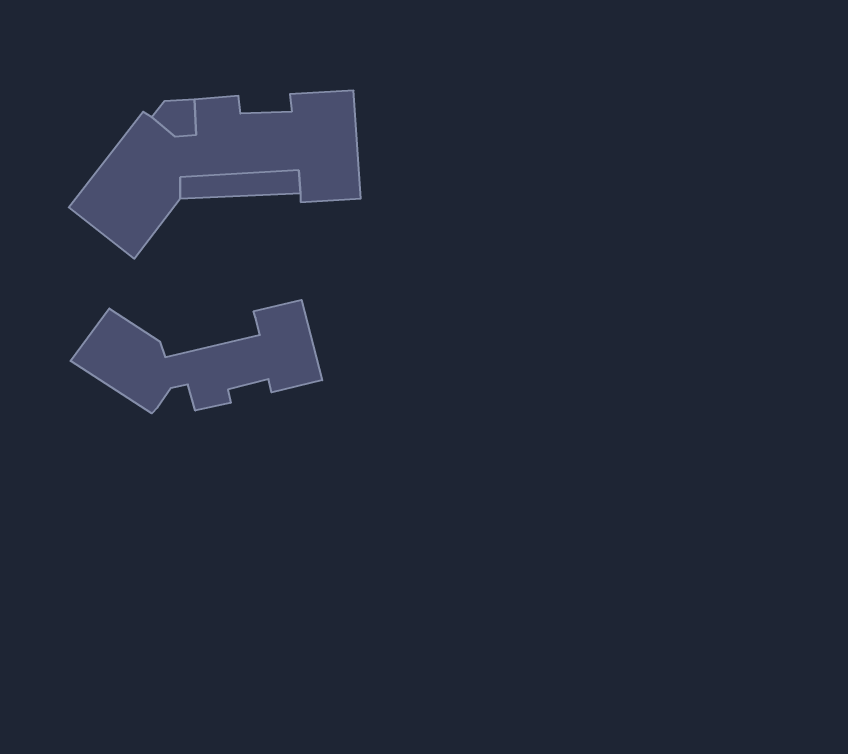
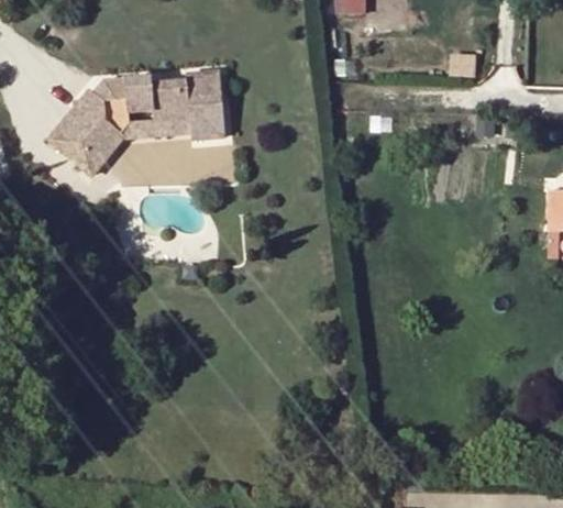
building: [70,300,322,413] -> none

